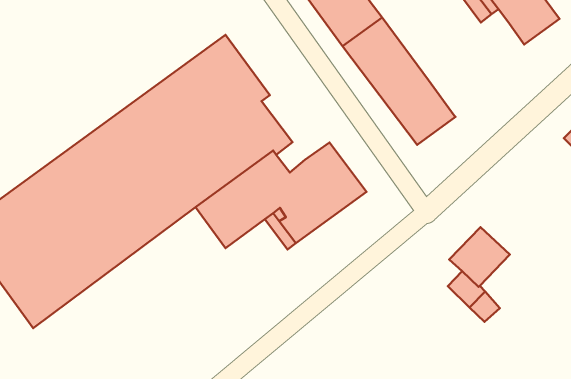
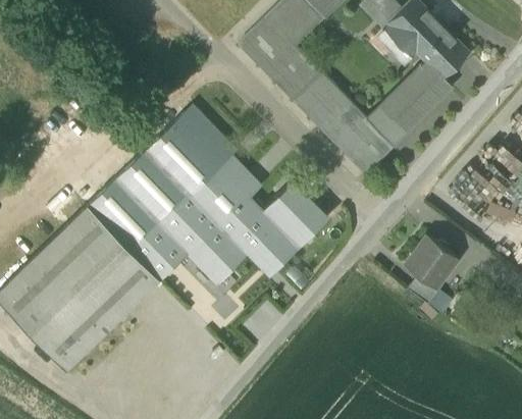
building: none -> [368,61,454,146]

